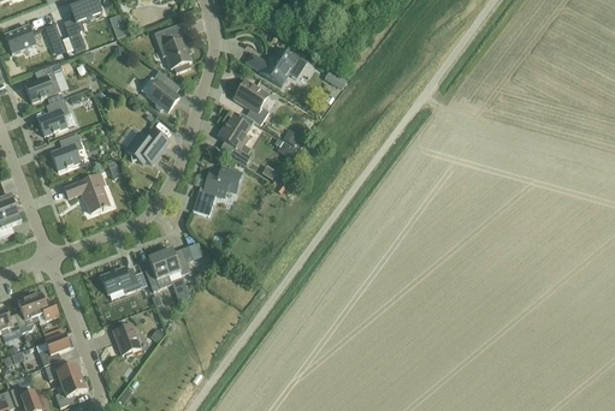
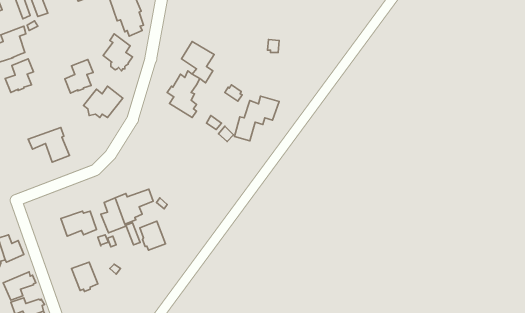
building: [244,44,296,84] -> none
building: [51,132,82,169] -> [65,59,93,93]
building: [191,165,241,214] -> [235,96,279,141]
building: none -> [140,221,166,250]

